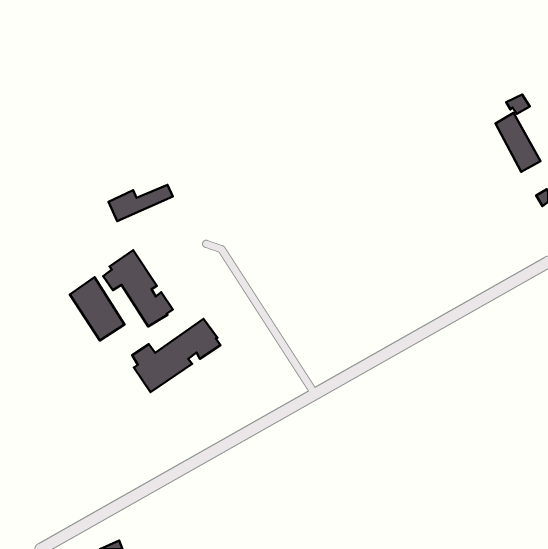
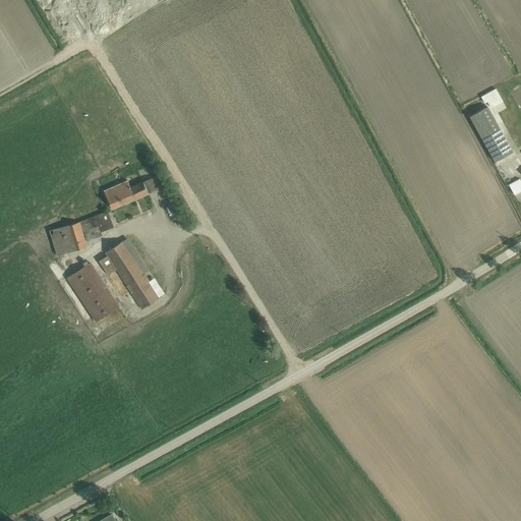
building: none -> [48,211,113,256]
building: [132,319,220,392] -> none

